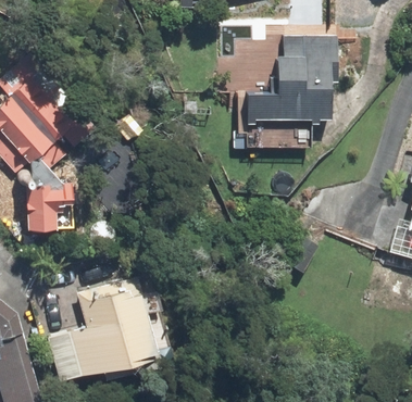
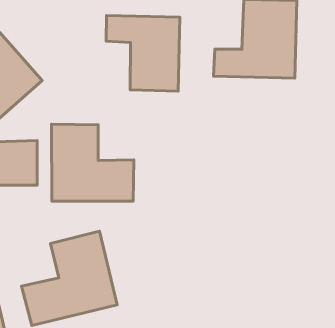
building: none -> [106,15,180,91]
building: none -> [52,124,134,201]

